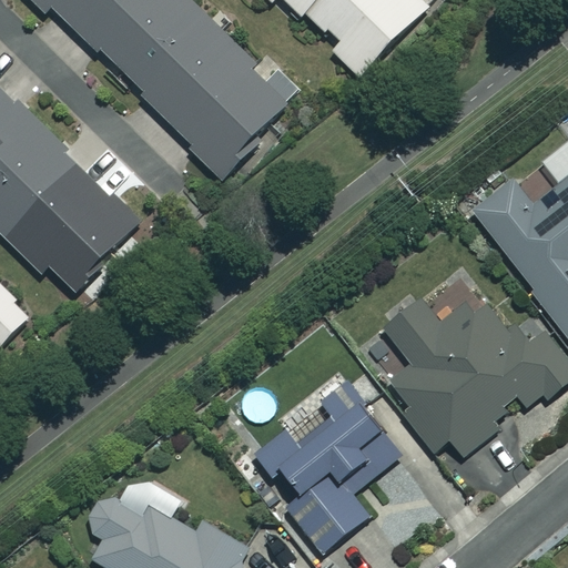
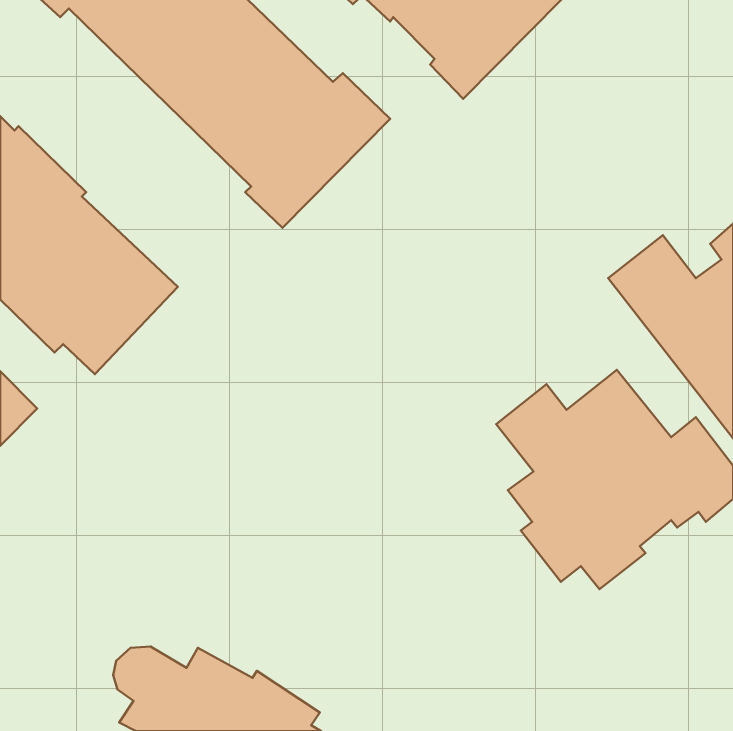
building: [252,379,405,556] -> none

